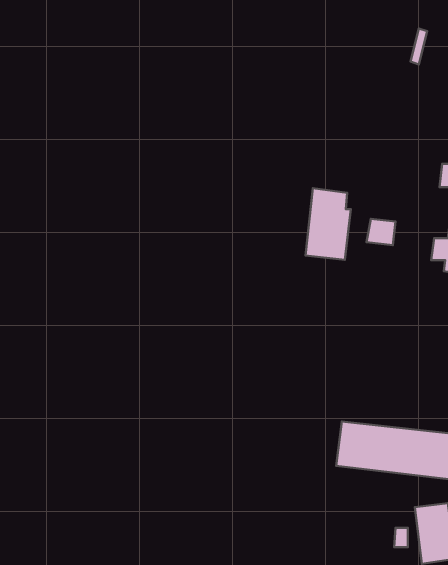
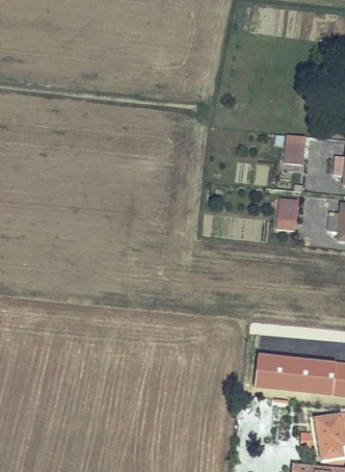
building: none -> [286,140,307,163]
building: [306,188,351,260] -> none

